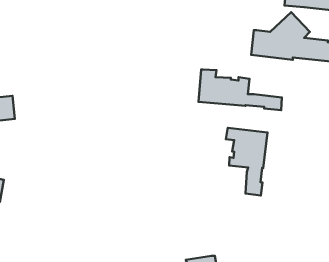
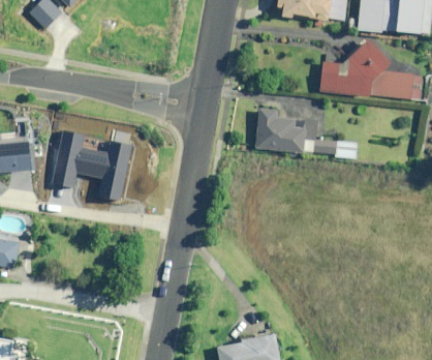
building: none -> [50,132,132,203]
building: [226,128,268,195] -> none

